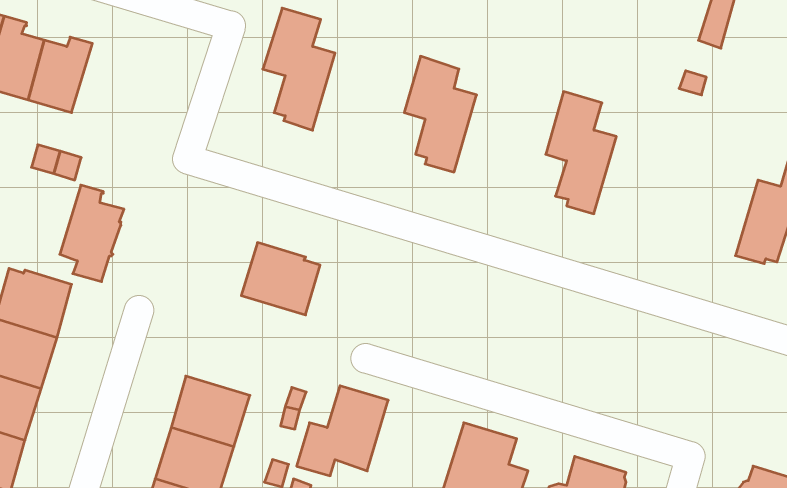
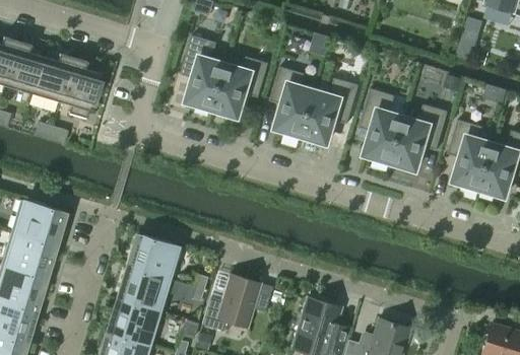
building: none -> [212,56,269,118]
building: none -> [302,77,360,144]
building: none -> [390,103,449,170]
building: none -> [448,119,494,192]
building: [60,185,124,282] -> [60,58,101,119]
building: [241,243,320,315] -> [132,234,182,280]

